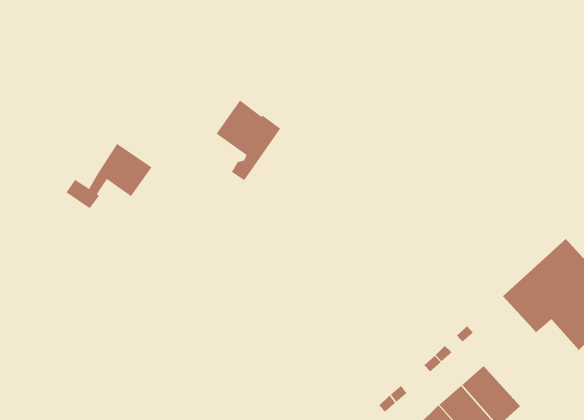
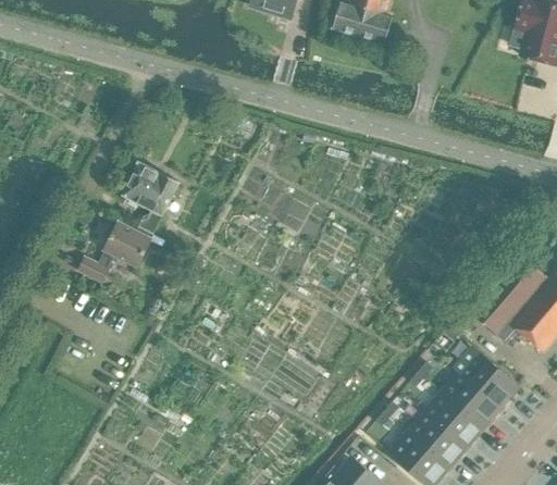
building: [216,100,281,181] -> [123,163,180,234]
building: none -> [462,355,517,407]

